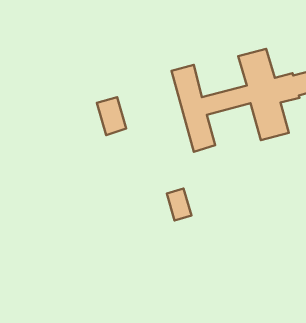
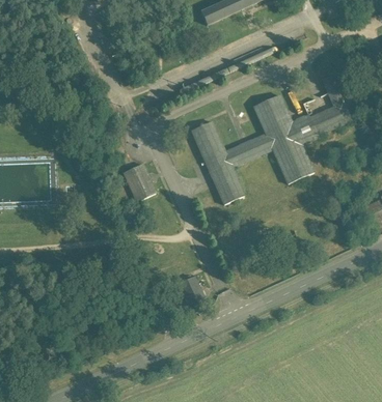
building: [167,189,191,220] -> [179,276,206,308]

